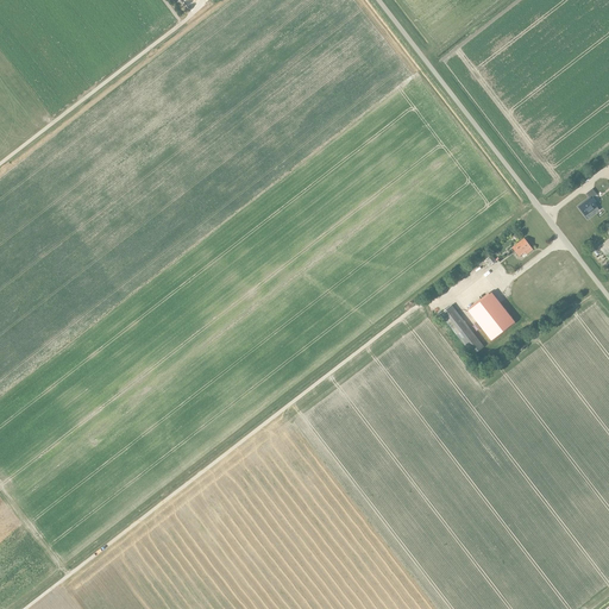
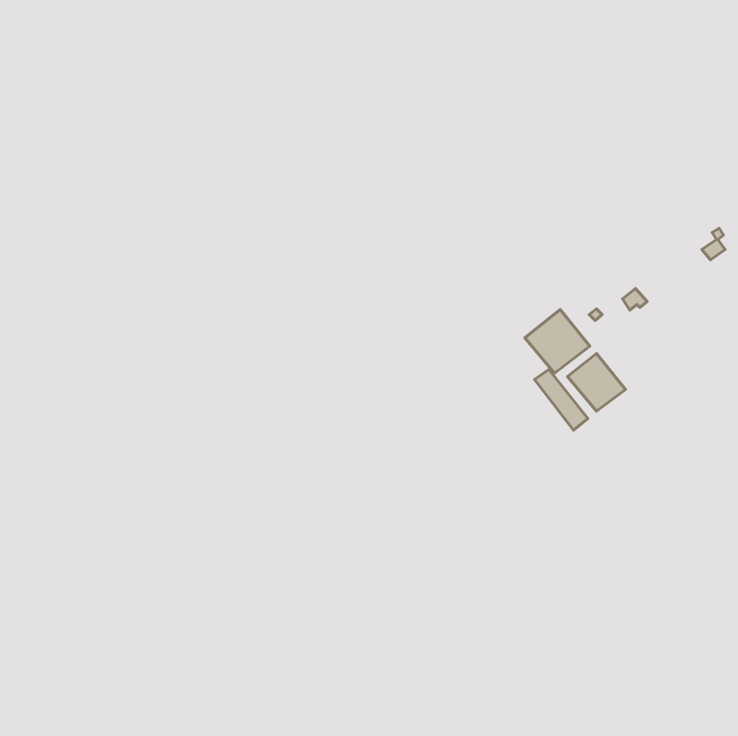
building: none -> [525,309,590,373]

